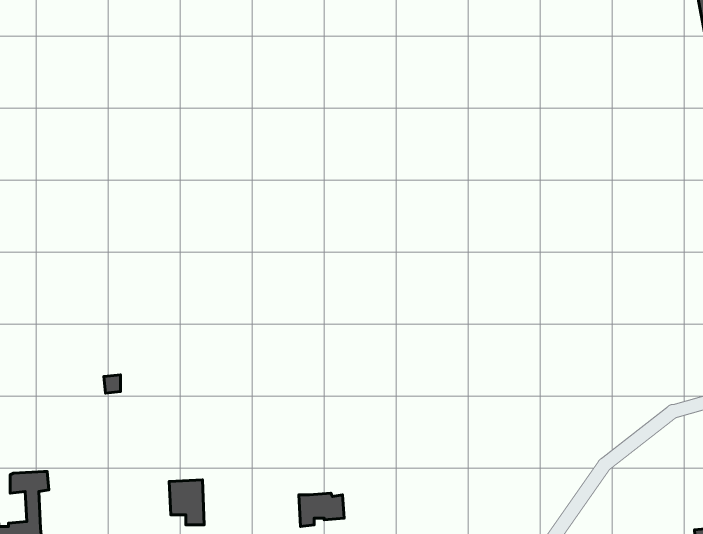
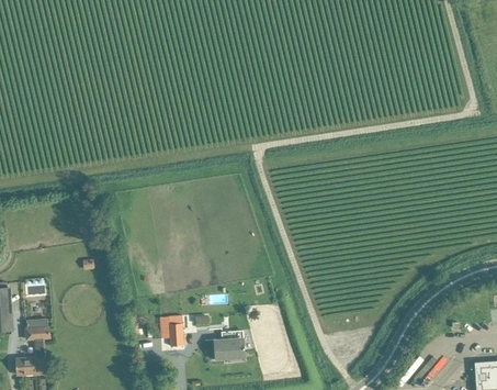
building: [169,480,204,525] -> [159,314,182,344]

